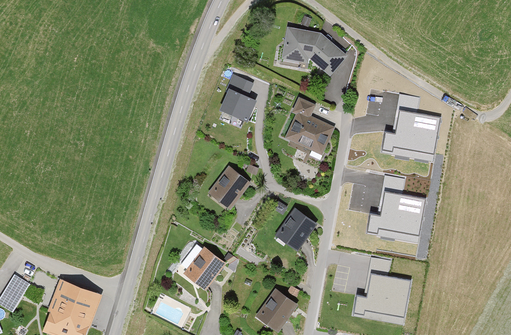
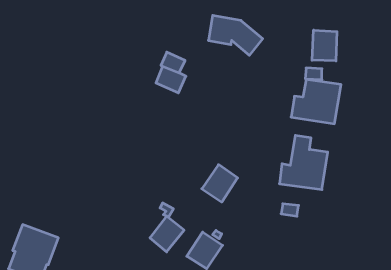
building: none -> [312,30,337,61]
building: [286,97,335,154] -> none
building: [207,165,251,209] -> none
building: [184,247,225,290] -> [150,216,184,252]
building: [353,273,409,316] -> none

